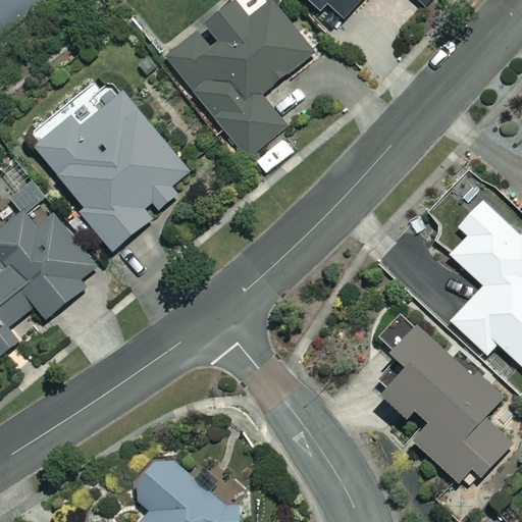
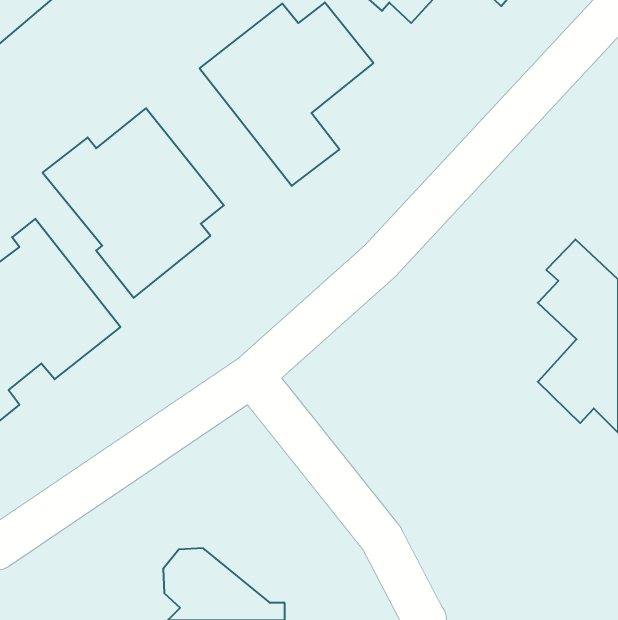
building: [376,308,512,489] -> none

